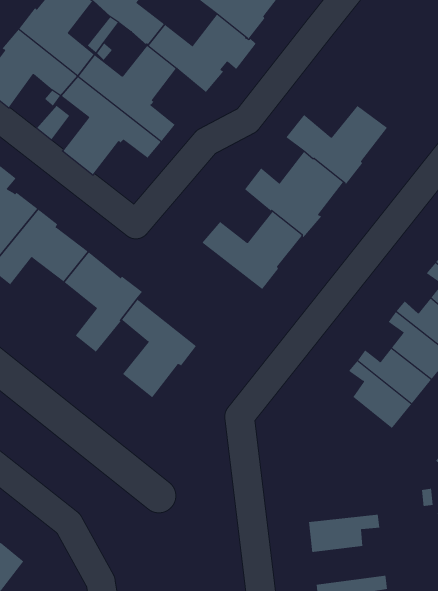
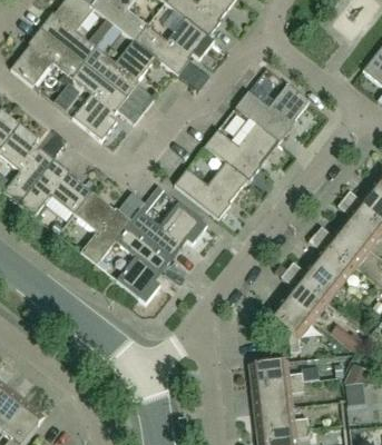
building: none -> [127,186,200,260]
building: none -> [270,297,313,354]
building: none -> [249,360,303,388]
building: none -> [254,406,308,434]

